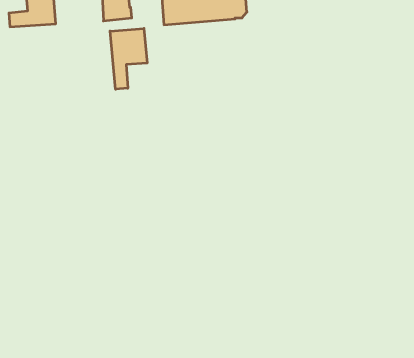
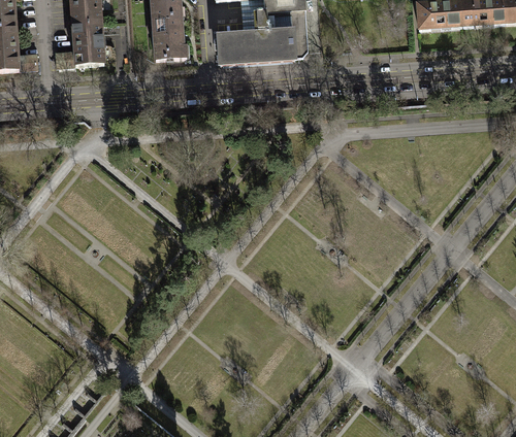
building: [110,28,147,89] -> none

